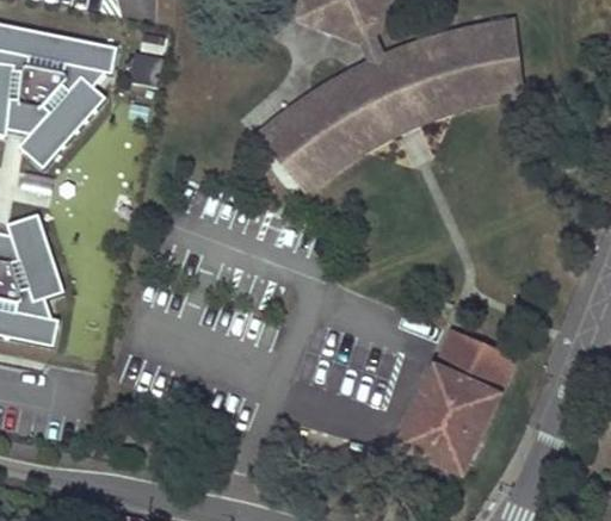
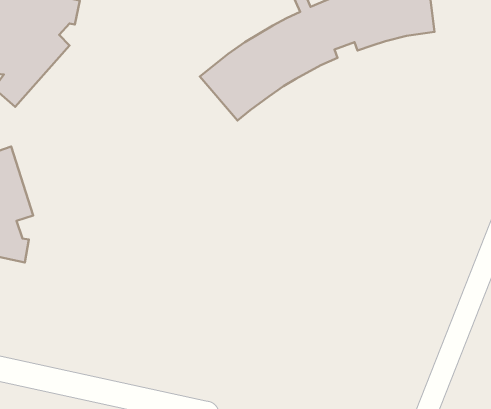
building: [297,82,524,192] -> none
building: [399,328,514,473] -> none

